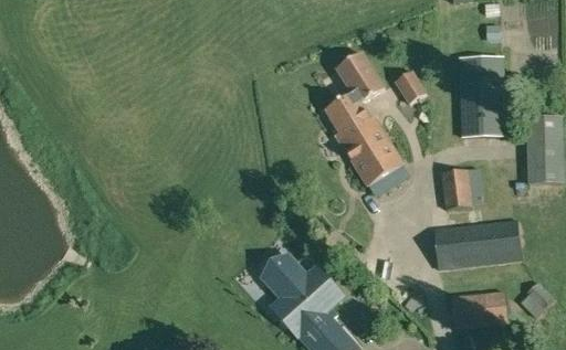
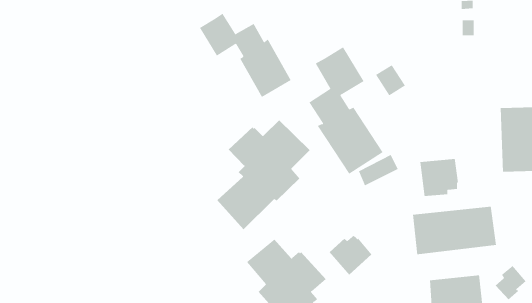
building: none -> [199,13,291,98]
building: [458,56,505,137] -> none
building: none -> [217,119,310,230]
building: none -> [329,235,372,276]

